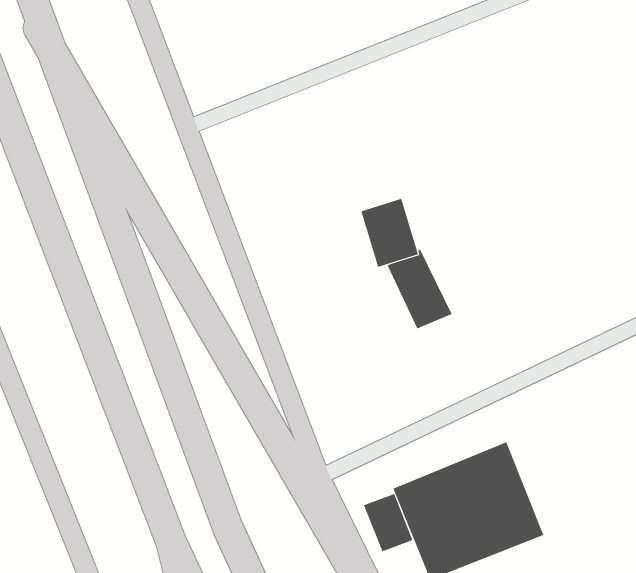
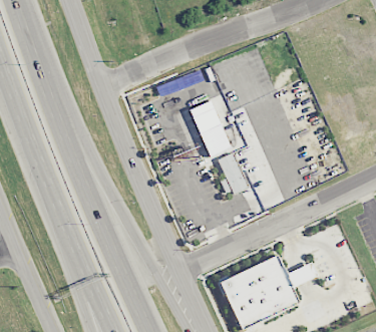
building: none -> [191,101,220,128]
building: [363,493,413,552] -> none

